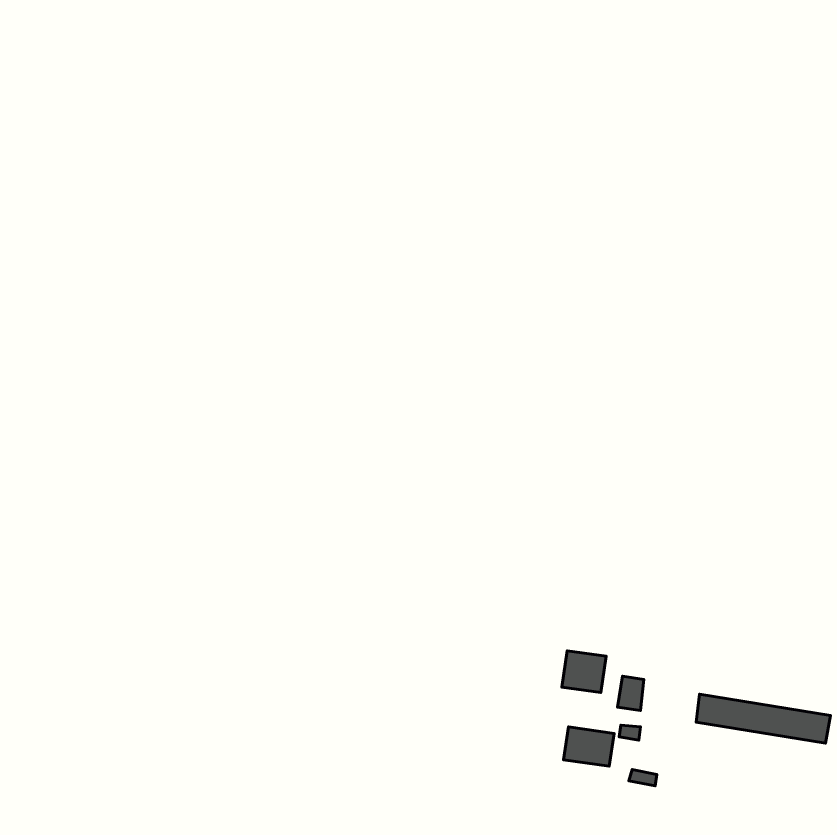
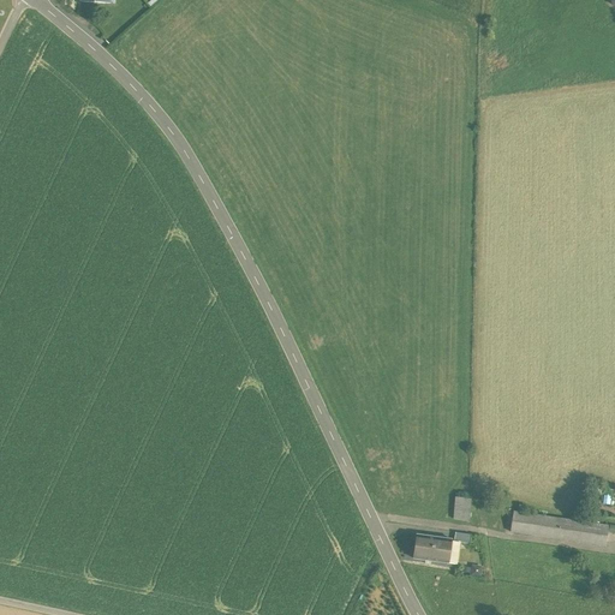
building: [562,651,606,693] -> none

